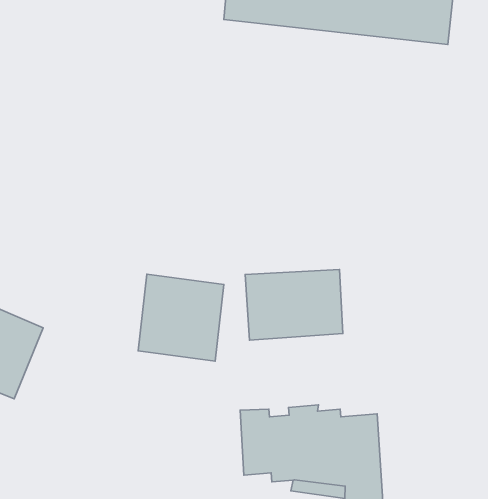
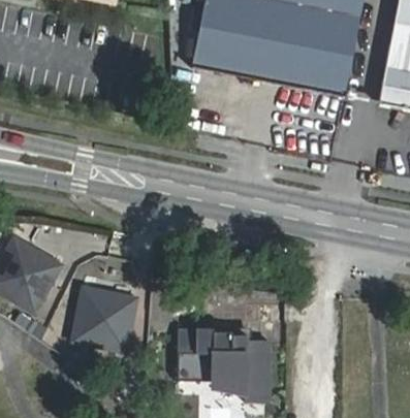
building: [245,269,343,340] -> none
building: [138,274,224,361] -> [78,288,140,351]

